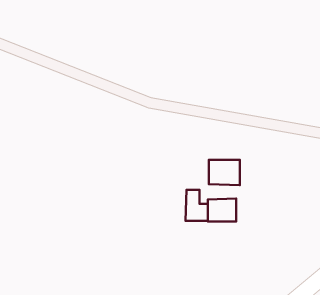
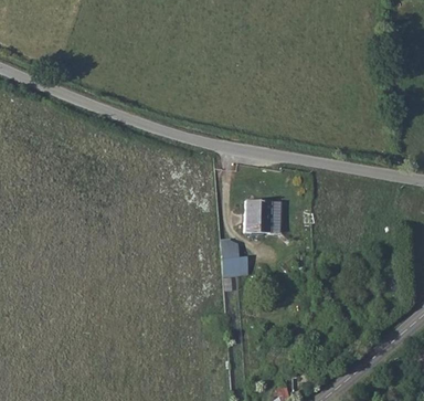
building: [208,199,236,221] -> none

